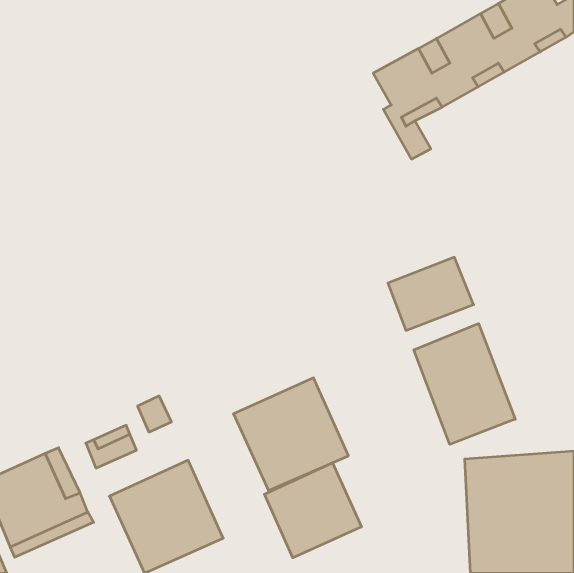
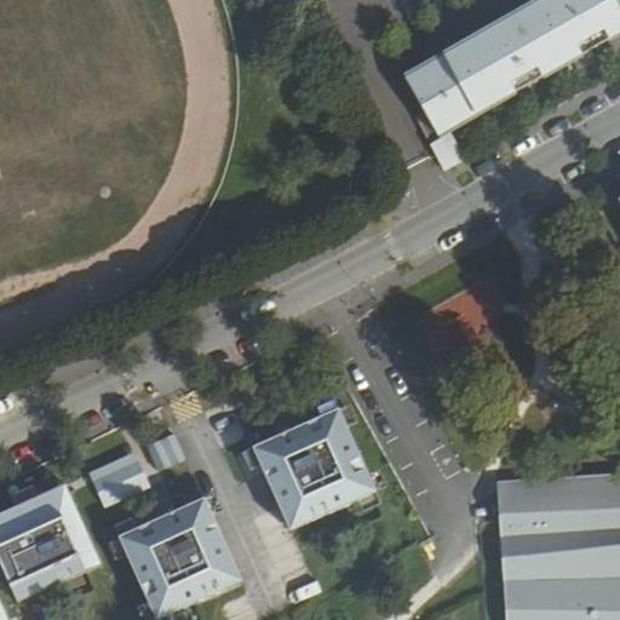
building: [414,324,515,444] -> none
building: [264,463,361,558] -> none

